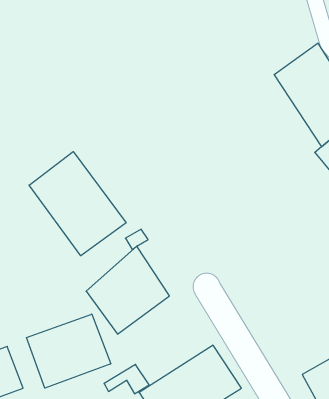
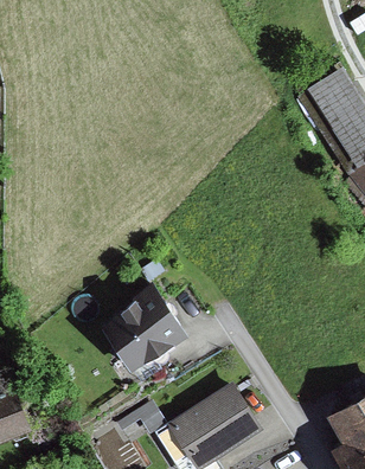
building: [29,152,126,256] -> none
building: [27,314,111,388] -> none

